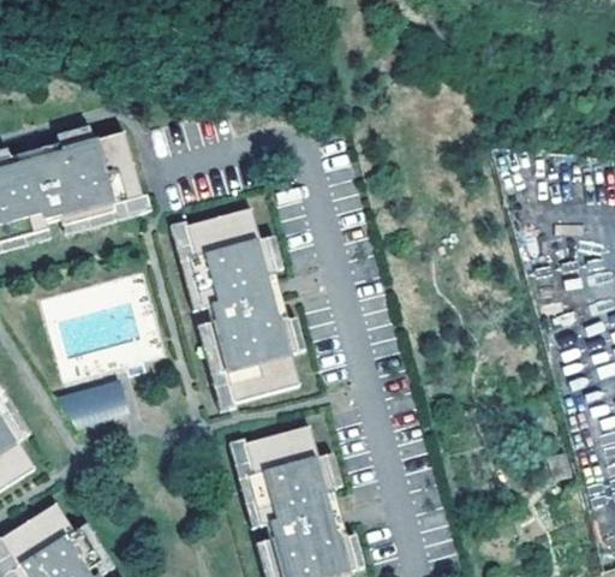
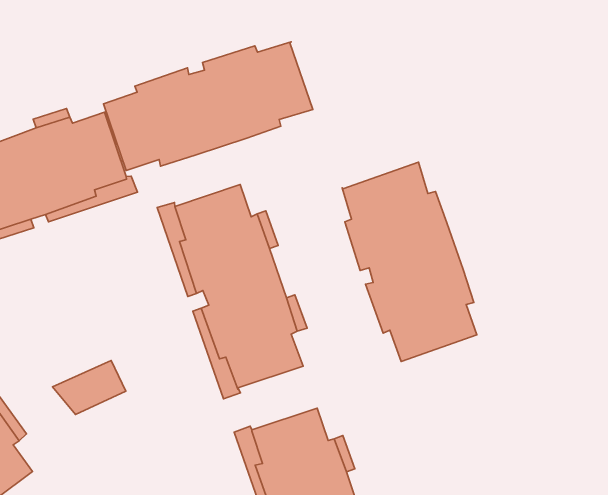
building: none -> [103,42,313,171]
building: none -> [342,162,477,362]

